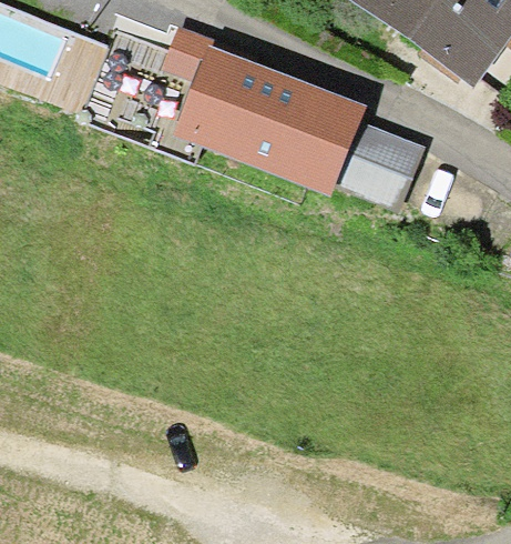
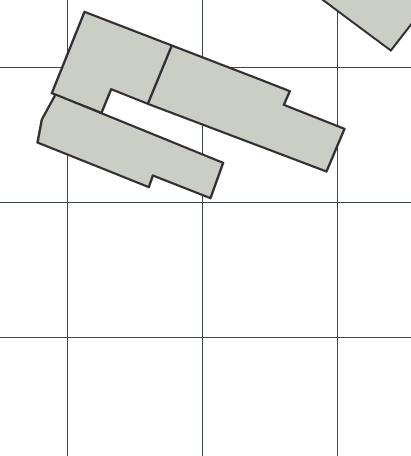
building: none -> [37,95,223,198]

